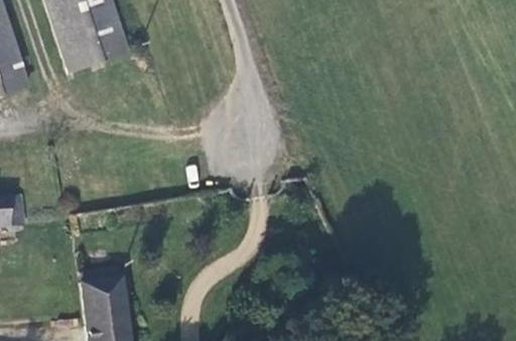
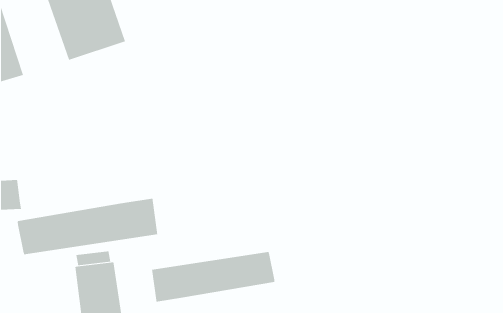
building: none -> [17,198,158,255]
building: none -> [152,251,275,302]

